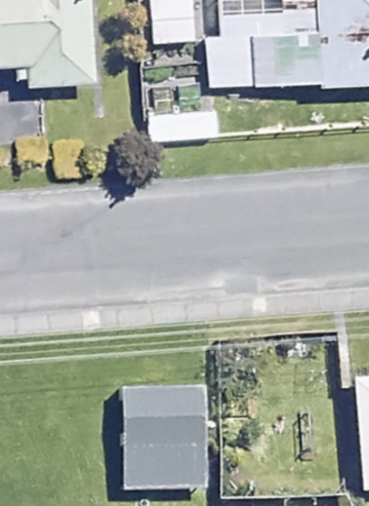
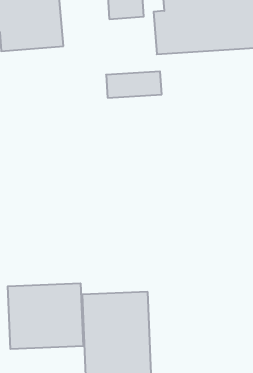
building: none -> [8,283,83,349]

